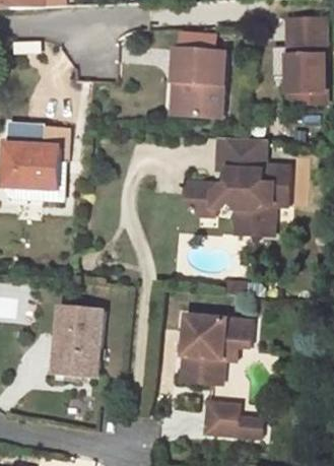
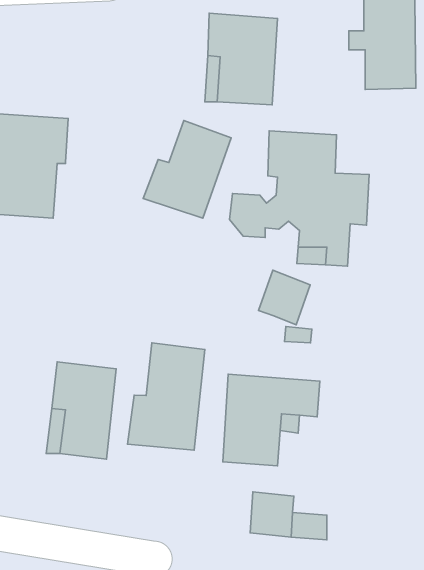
building: none -> [143,121,231,218]
building: none -> [259,270,310,325]
building: none -> [128,343,205,450]

